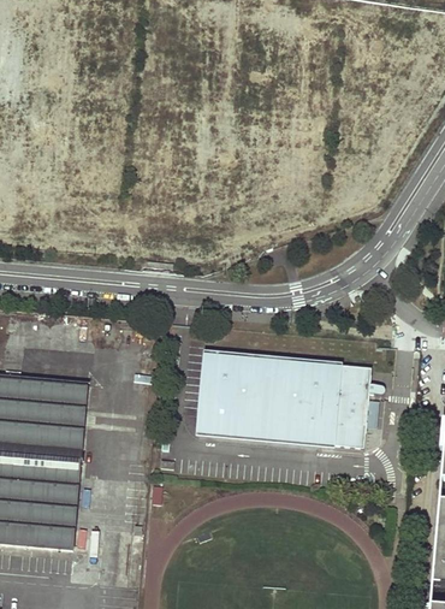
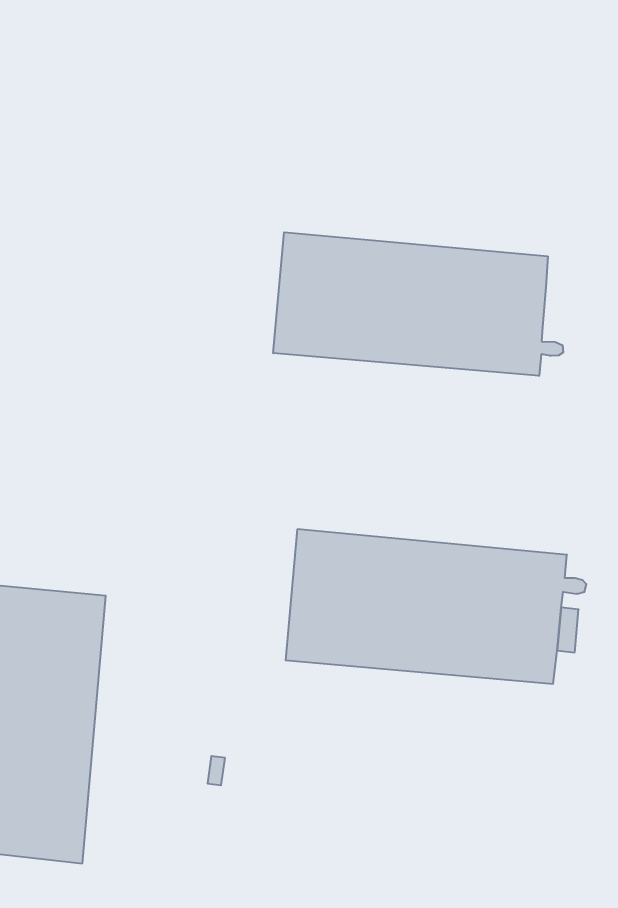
building: none -> [273,232,563,376]

